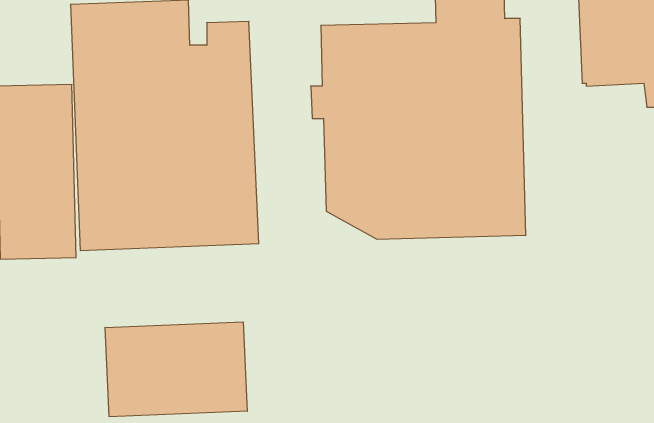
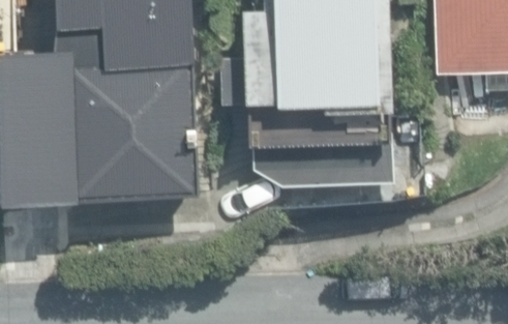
building: [105,322,247,417] -> none

